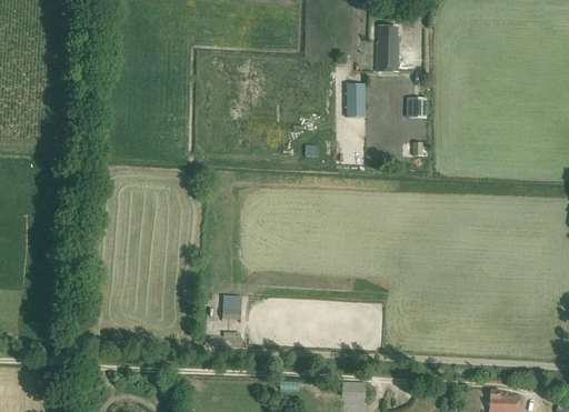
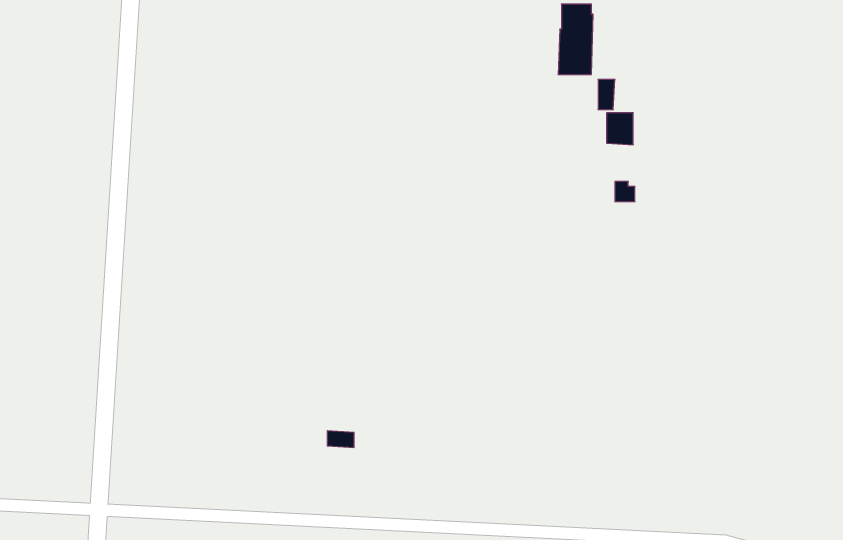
building: [347,83,365,117] -> none

